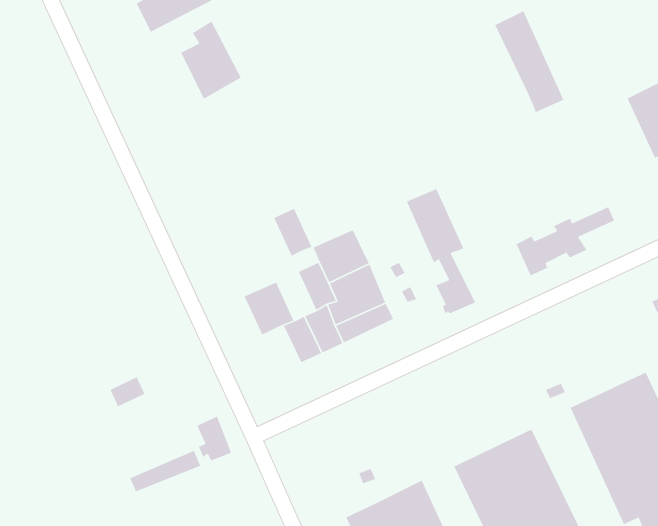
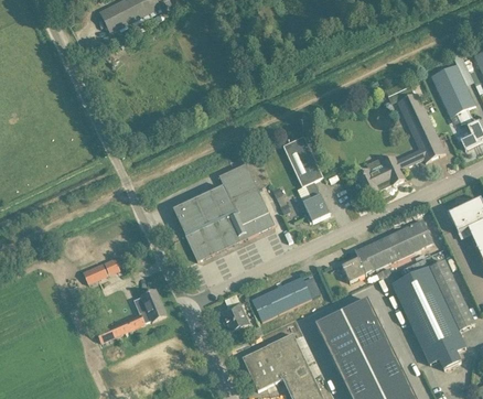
building: [494,10,565,113] -> [397,91,444,161]
building: [180,21,242,100] -> none
building: [273,208,312,257] -> [195,192,222,225]
building: none -> [342,219,432,280]
building: none -> [185,228,212,260]
building: none -> [251,276,320,320]
building: none -> [218,301,246,331]

